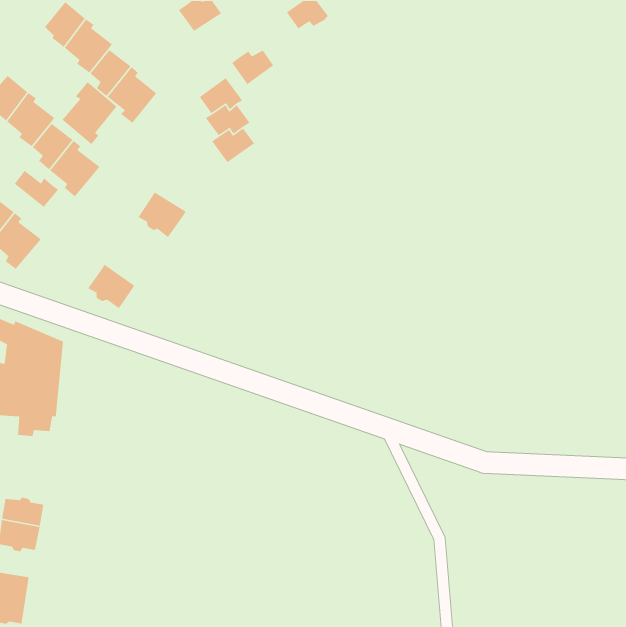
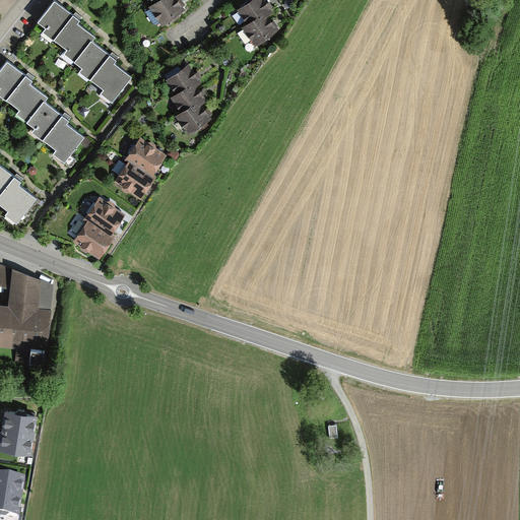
building: [231,49,274,85] -> [242,17,277,47]
building: [61,81,118,145] -> none
building: none -> [125,134,167,174]
building: [14,170,59,208] -> none
building: none -> [83,194,125,235]

